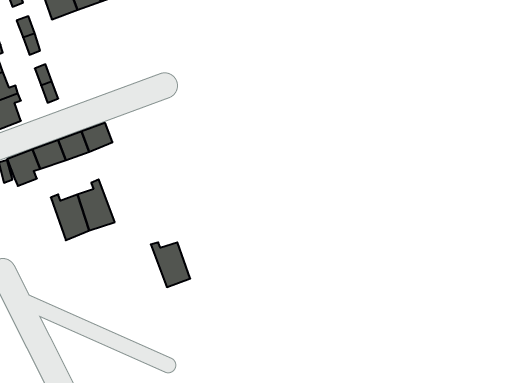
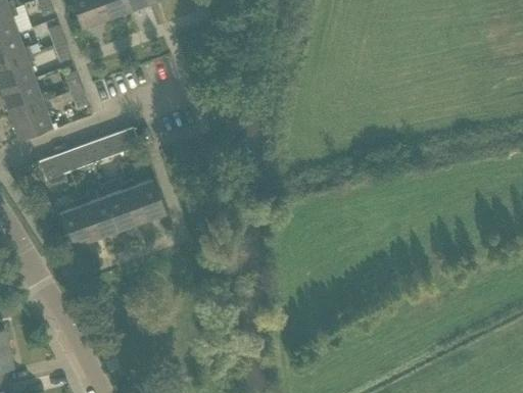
building: none -> [57,199,94,248]
building: [151,242,190,287] -> [126,180,163,223]

